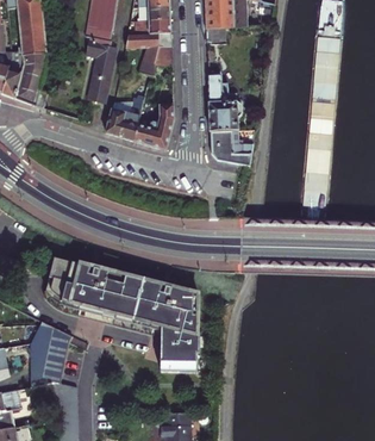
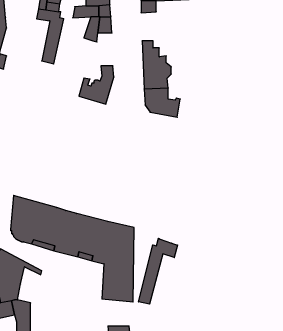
building: [105,94,144,139] -> none
building: none -> [139,238,178,304]

